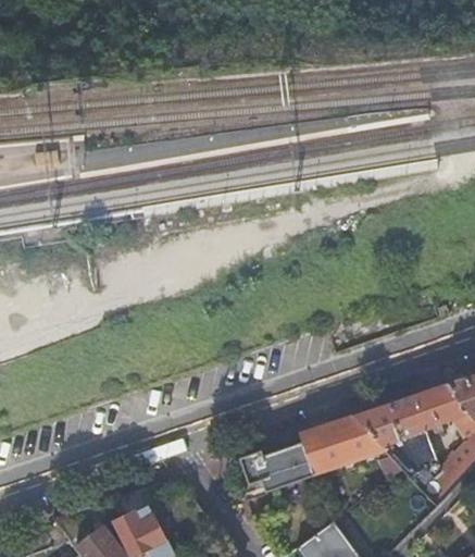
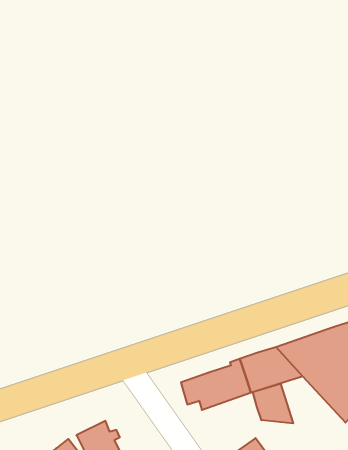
building: none -> [253,383,293,423]

